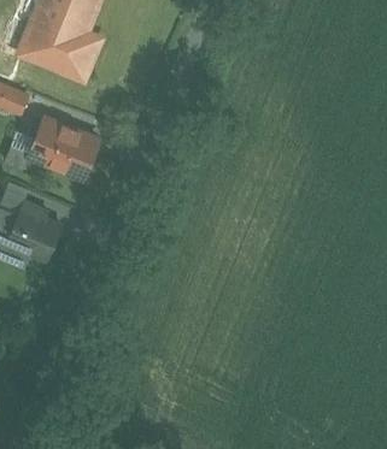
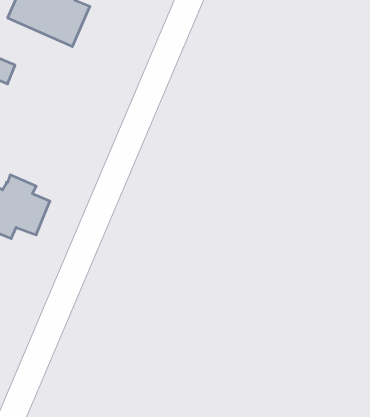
building: [27,117,96,179] -> none

